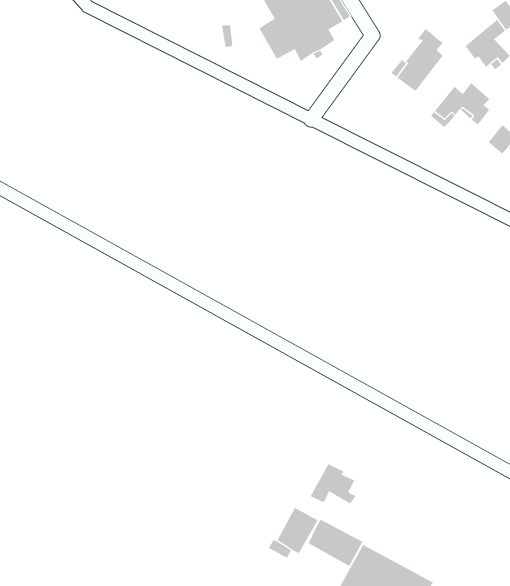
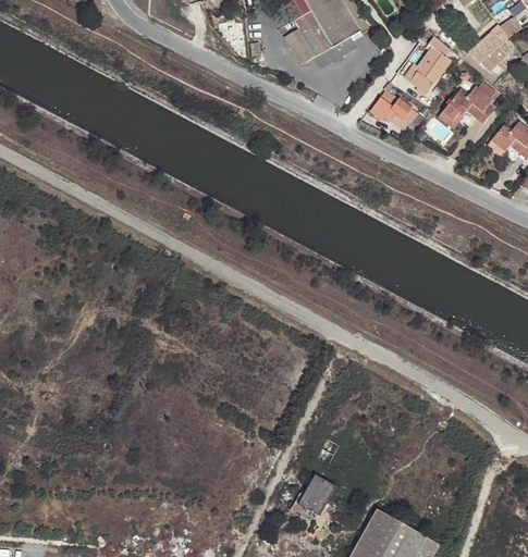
building: none -> [368,92,412,122]
building: [310,464,356,505] -> none
building: [308,519,363,567] -> none

